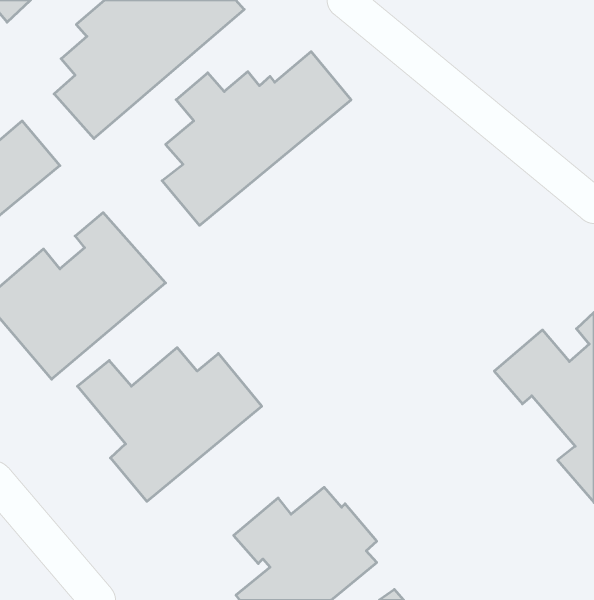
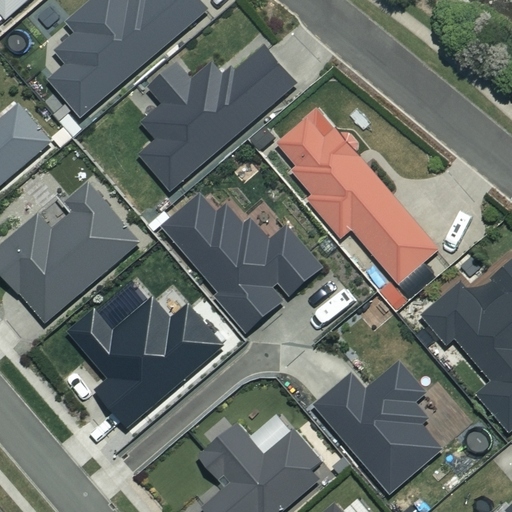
building: none -> [273,115,441,286]
building: none -> [162,193,323,333]
building: none -> [313,360,444,495]

